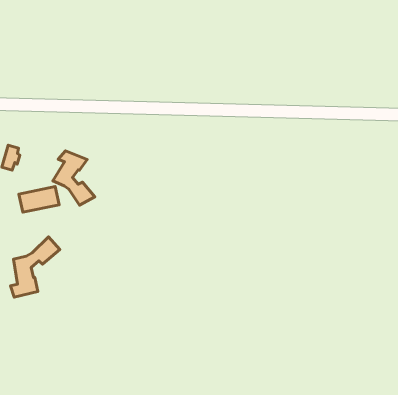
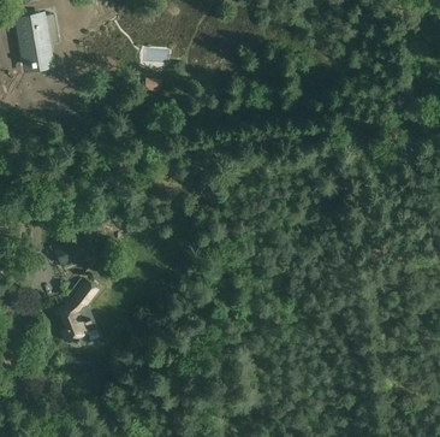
building: [53,151,95,205] -> none

